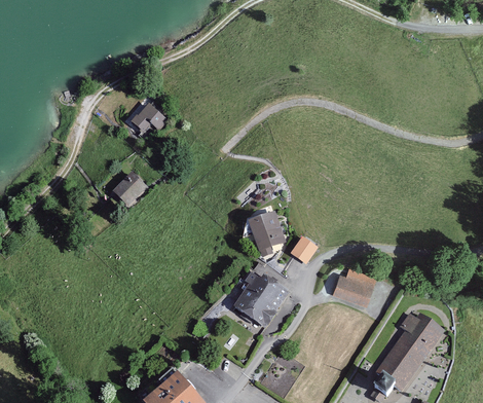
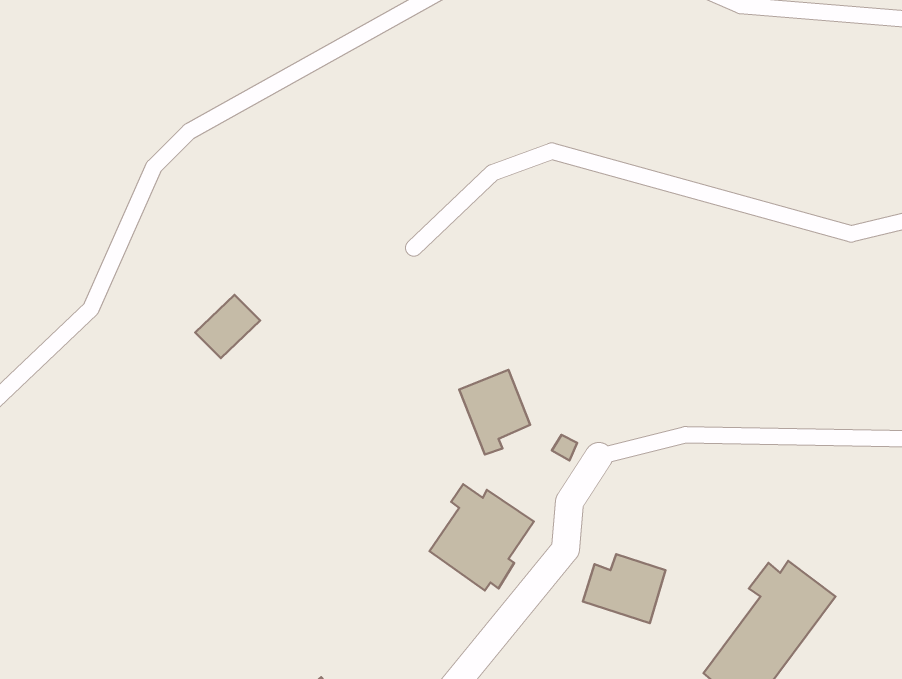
building: [131,105,165,133] -> none
building: [332,268,375,304] -> [583,554,666,623]

